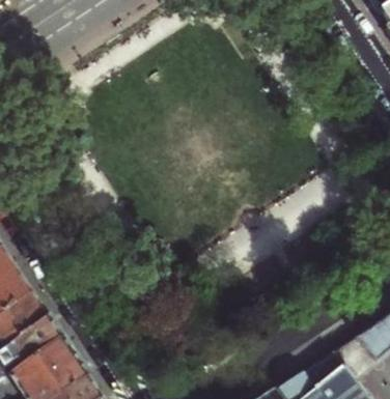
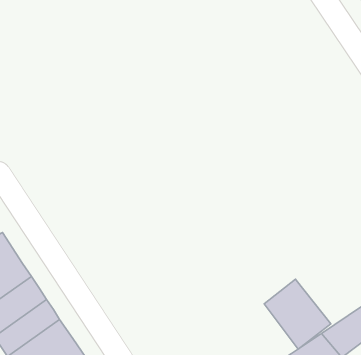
building: none -> [264,279,331,349]

